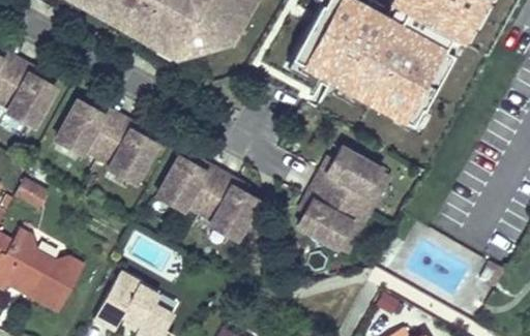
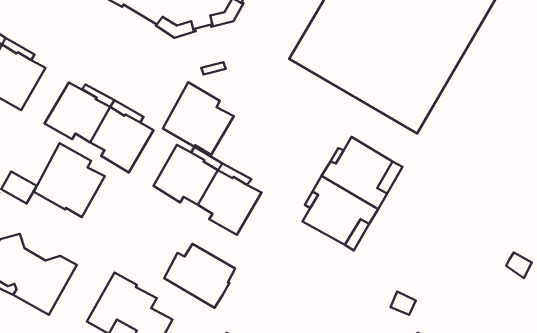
building: none -> [163,82,234,155]
building: none -> [34,143,105,217]
building: none -> [164,244,235,308]

